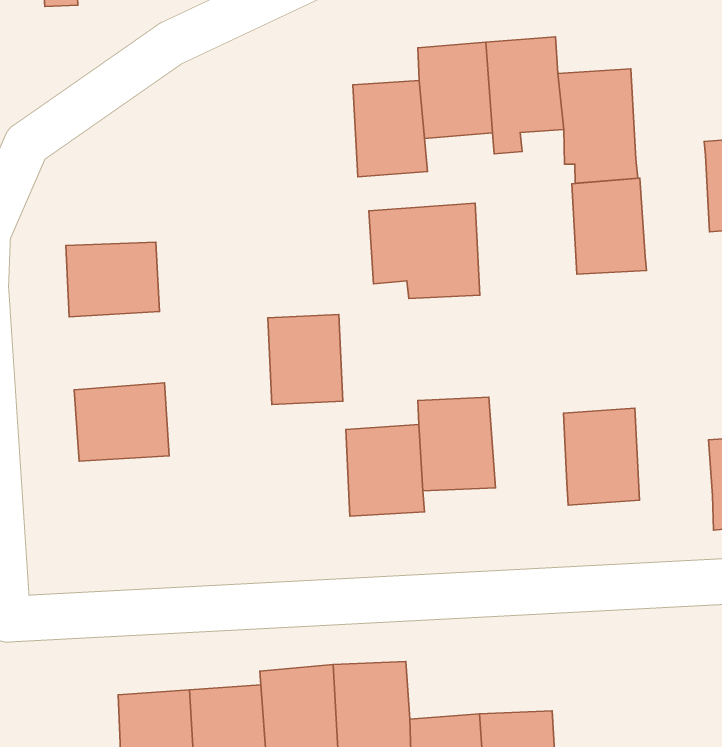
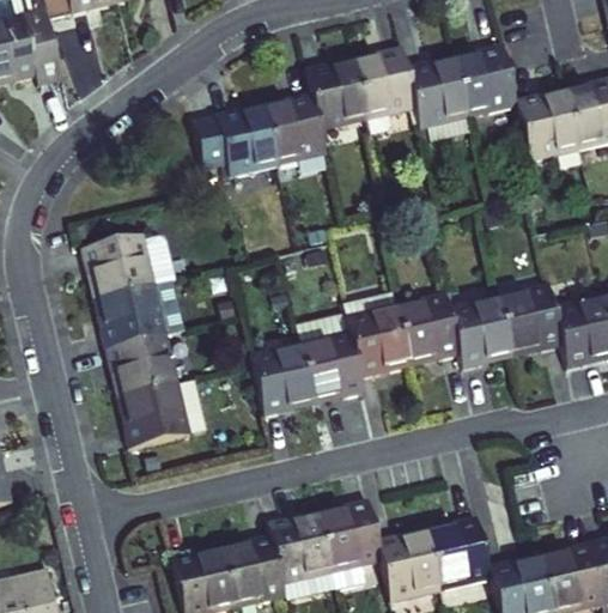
building: [572,178,646,274] -> [456,47,518,121]
building: [369,203,480,298] -> [191,103,279,177]
building: none -> [95,284,169,348]
building: [268,314,343,404] -> [251,344,314,414]
building: none -> [396,292,461,366]
building: none -> [499,283,564,358]
building: none -> [118,383,193,448]

